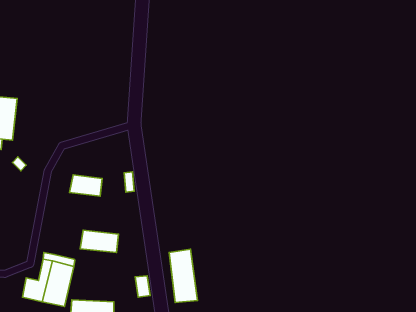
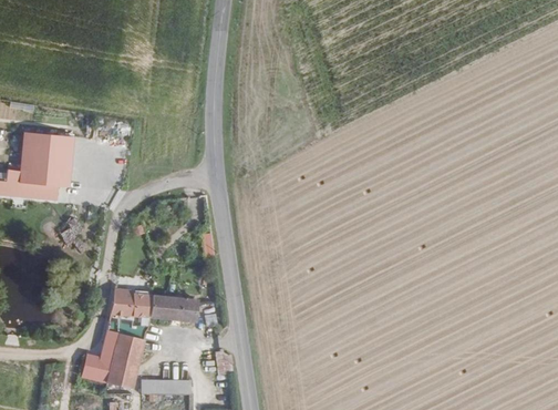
building: [70,175,102,196] -> [110,291,148,317]
building: [169,249,197,303] -> none

